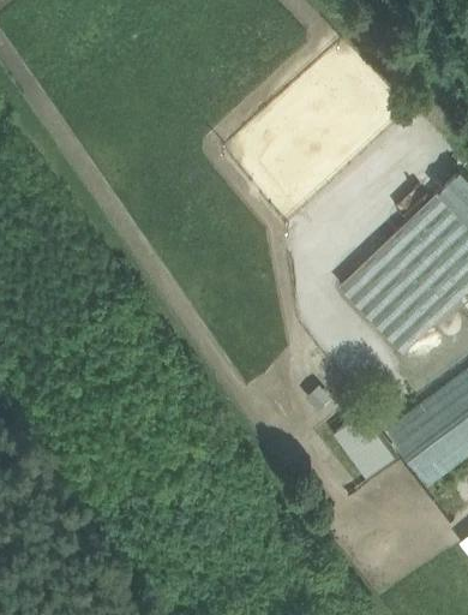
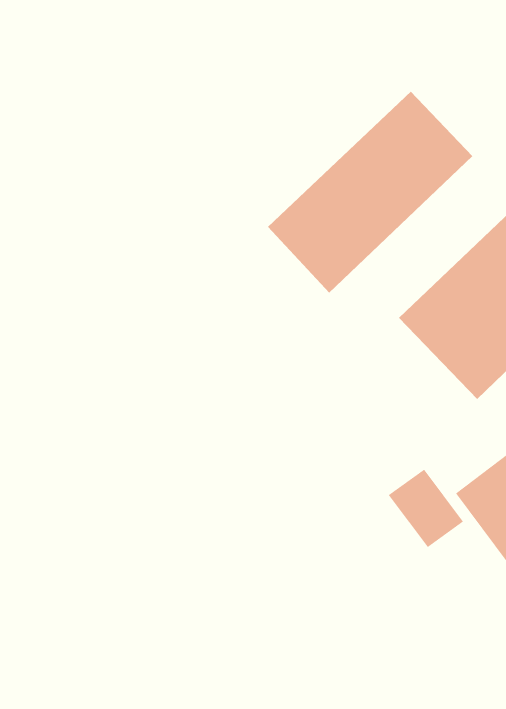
building: none -> [267,91,473,293]

